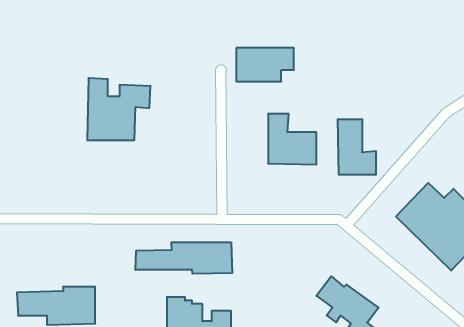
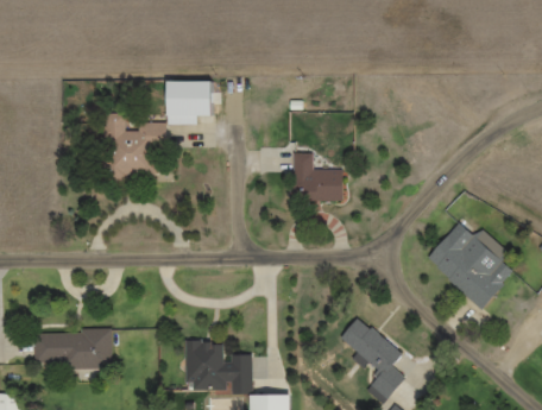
building: [236,48,294,81] -> [165,81,225,115]
building: [338,119,376,175] -> none
building: [135,242,232,274] -> none

